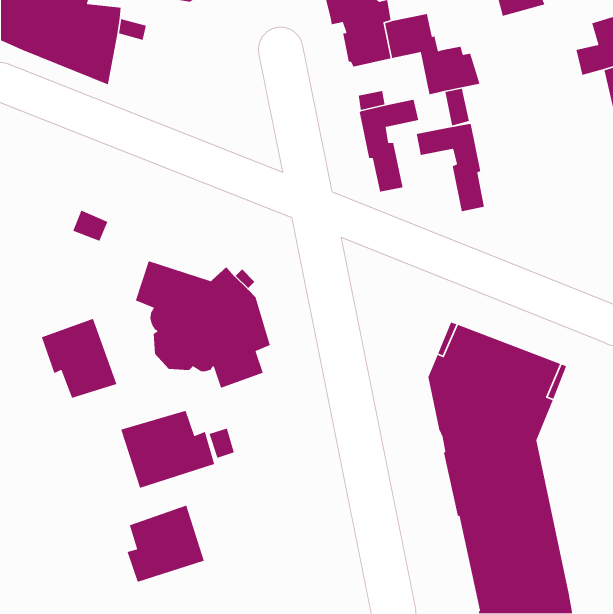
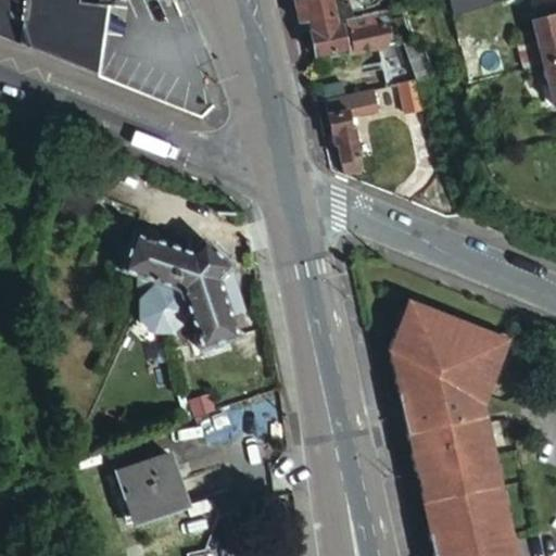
building: [416,123,485,212] -> none
building: [41,318,118,399] -> none
building: [120,410,215,489] -> none

